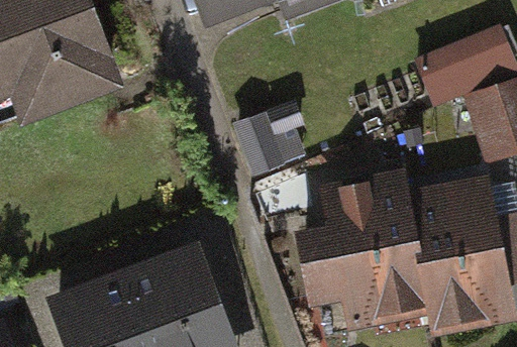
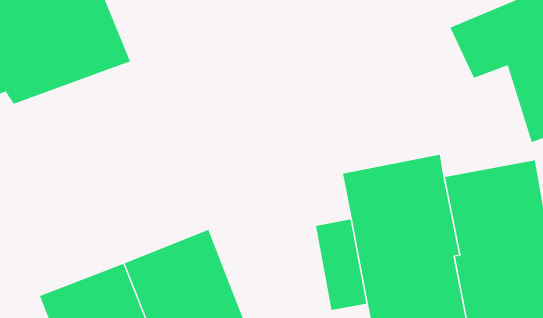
building: [231,96,304,171] -> none

